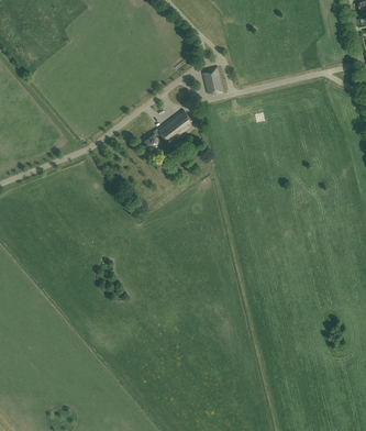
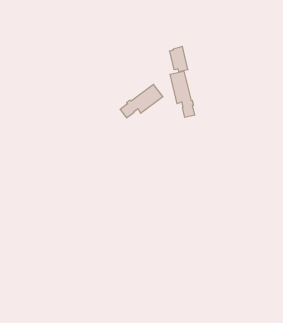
building: none -> [170,71,195,117]

